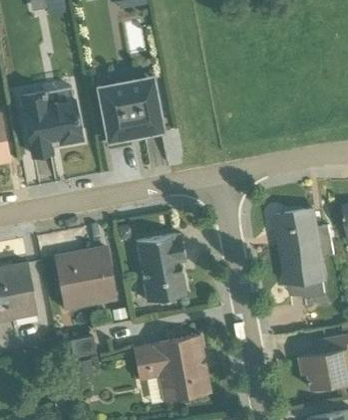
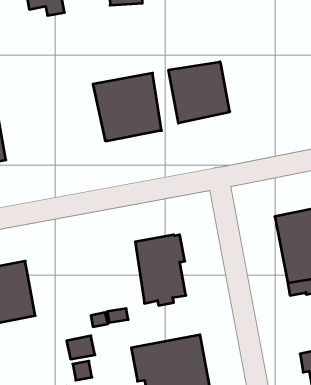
building: none -> [169,62,230,123]
building: [20,87,80,156] -> none
building: [53,246,117,310] -> none

